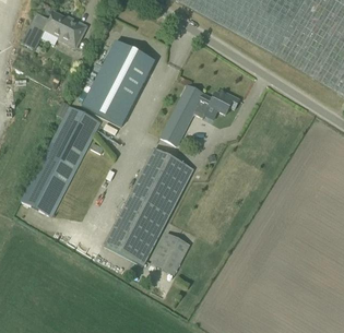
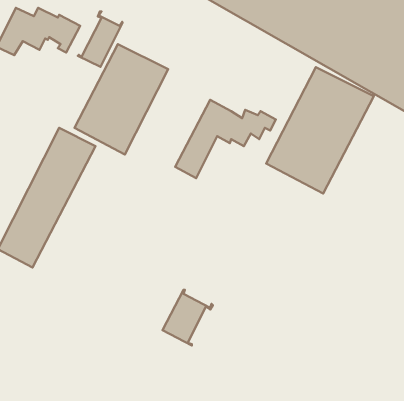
building: none -> [78,12,123,67]
building: none -> [266,67,374,193]
building: [104,147,193,264] -> none

